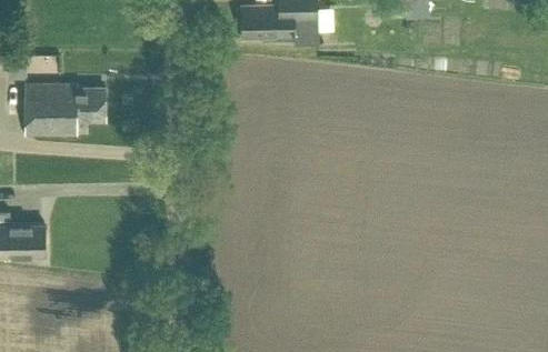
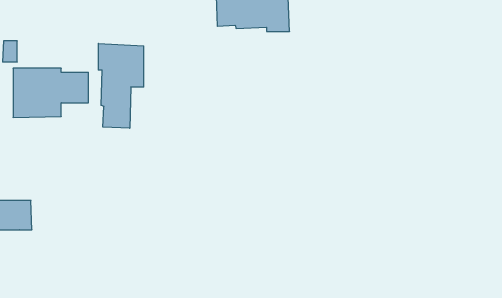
building: none -> [98,43,144,128]

